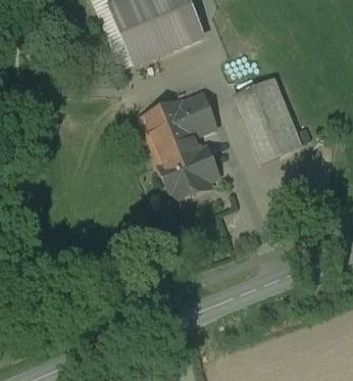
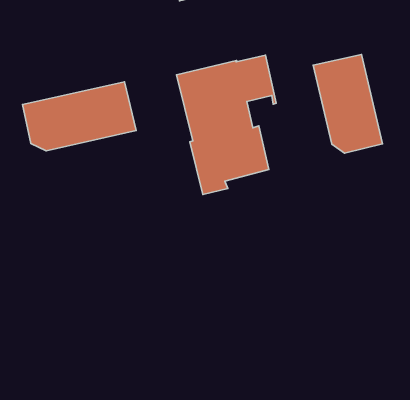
building: none -> [23,82,136,151]

